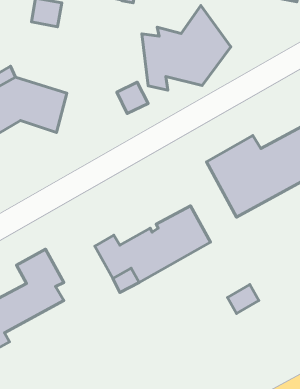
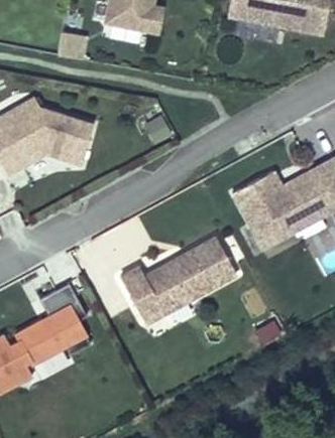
building: [142,5,231,90] -> none

